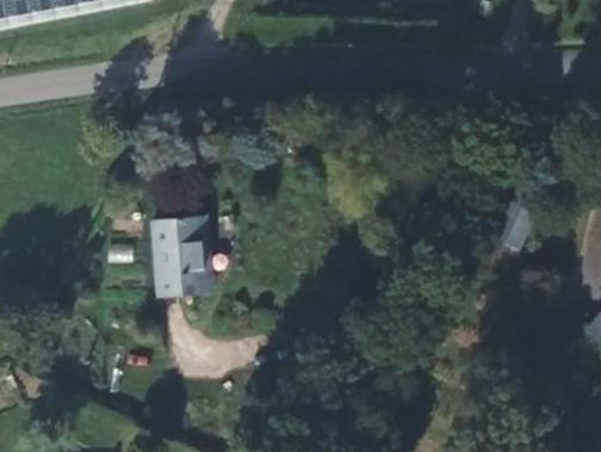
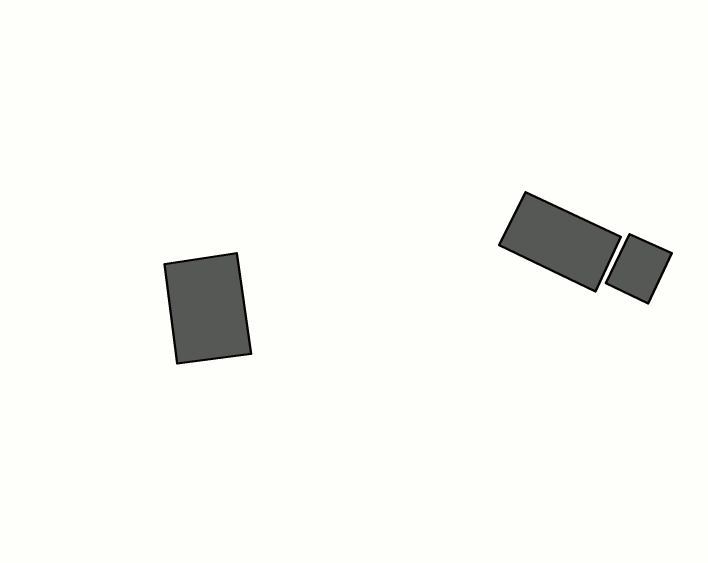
building: none -> [499,192,621,292]

